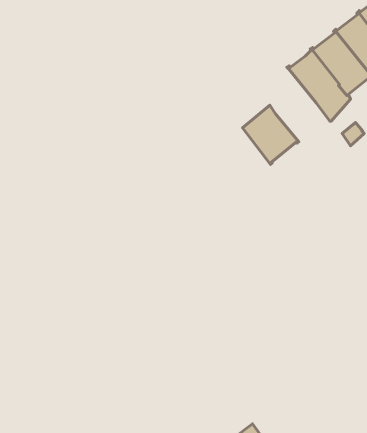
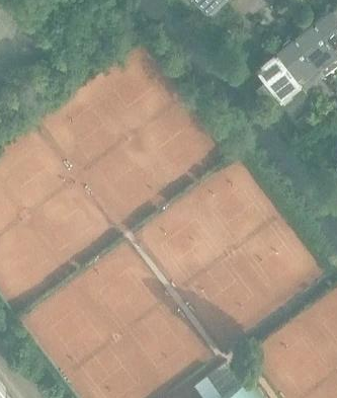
building: [243,105,299,164] -> none

